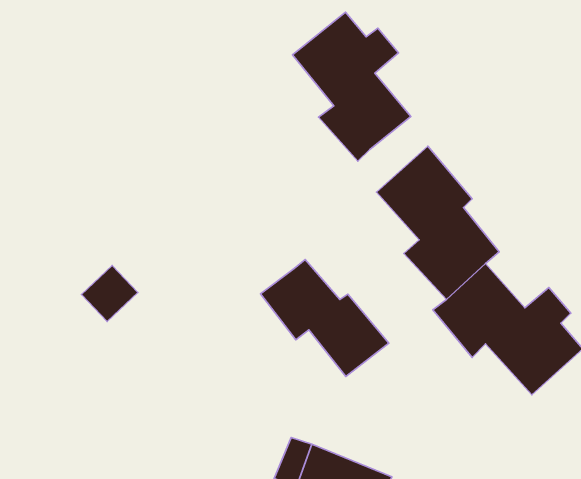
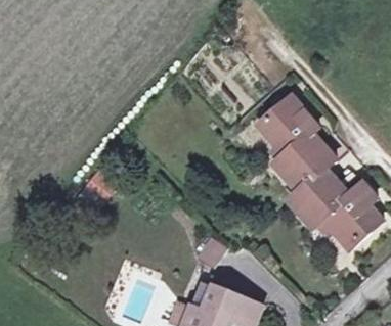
building: [293,12,411,161] -> none
building: [260,259,389,376] -> none

